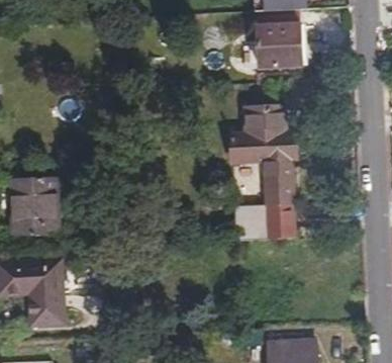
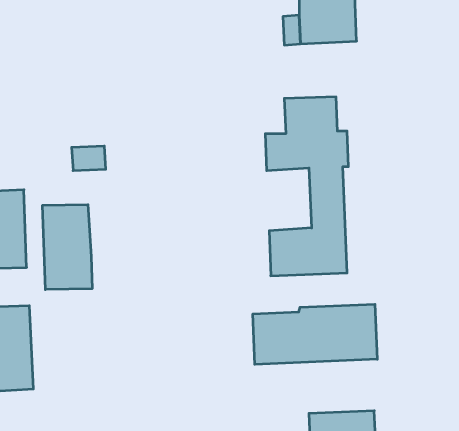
building: none -> [43,205,92,290]
building: none -> [253,304,377,364]

